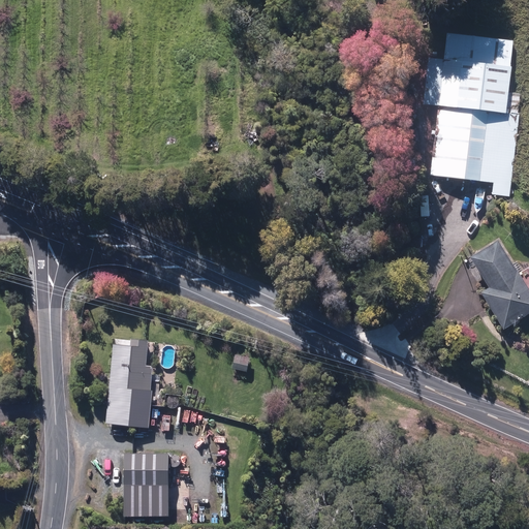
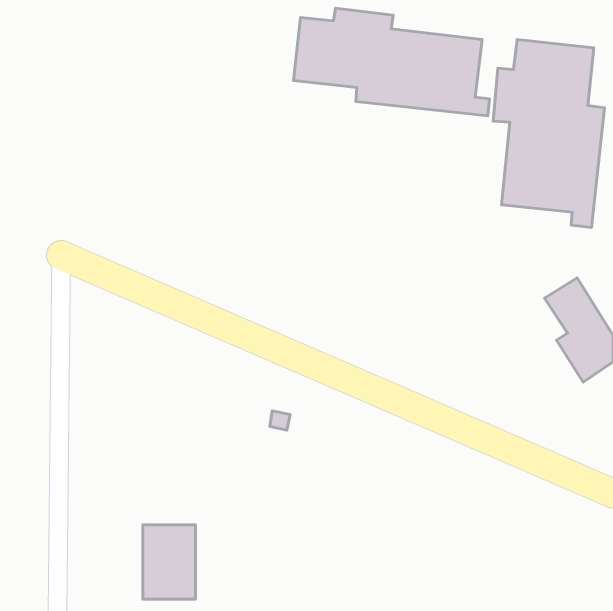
building: none -> [294,8,490,116]
building: [106,338,153,427] -> none

